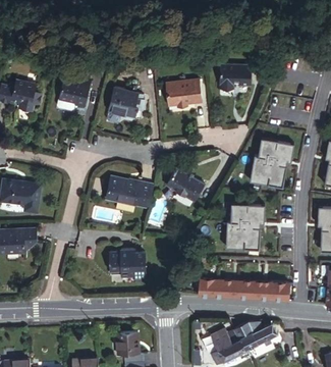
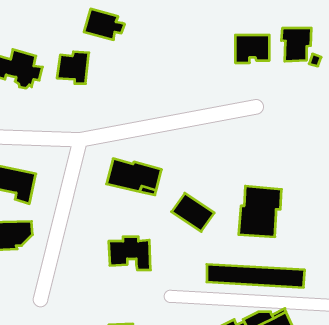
building: none -> [281,28,311,61]
building: [169,82,205,106] -> none
building: [110,89,148,117] -> [84,9,125,40]
building: [252,138,296,187] -> none
building: [166,169,206,205] -> [171,193,214,232]

